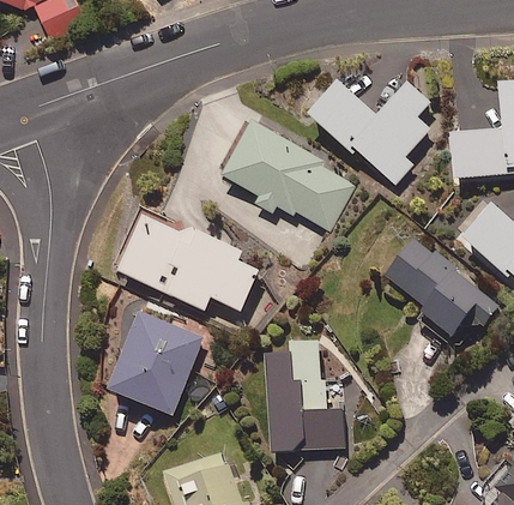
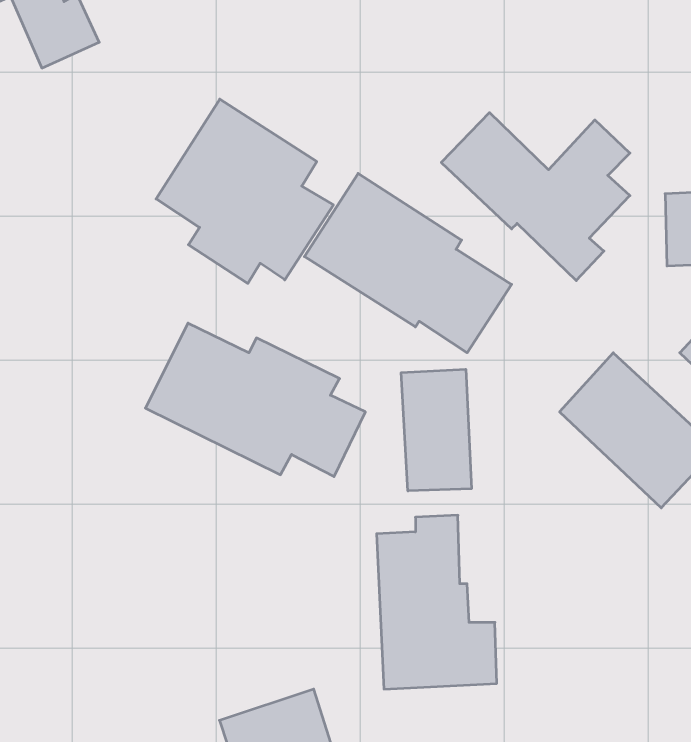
building: none -> [156,99,333,283]
building: none -> [401,369,471,491]
building: [108,311,205,415] -> none

